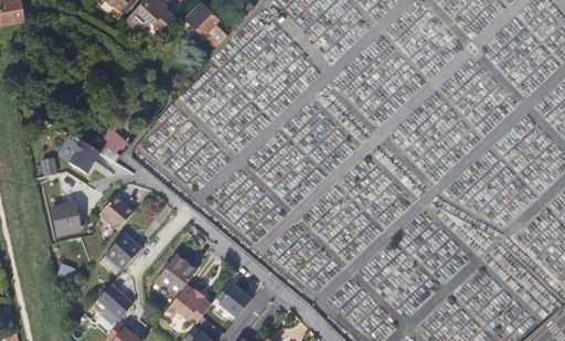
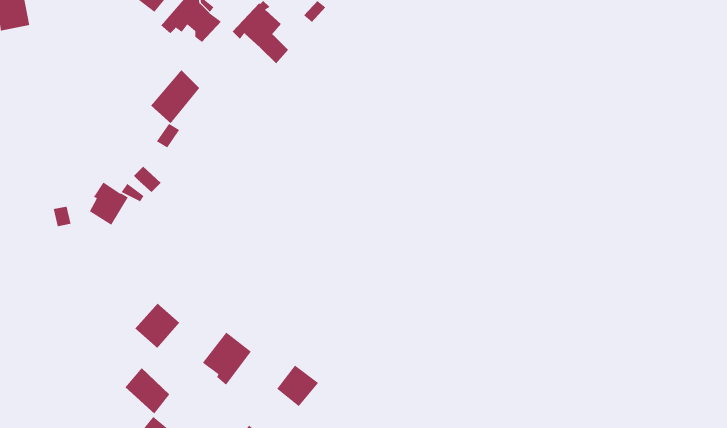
building: none -> [150,69,200,124]
building: [99,195,136,231] -> none
building: [52,203,81,235] -> none
building: [166,285,211,321] -> none

